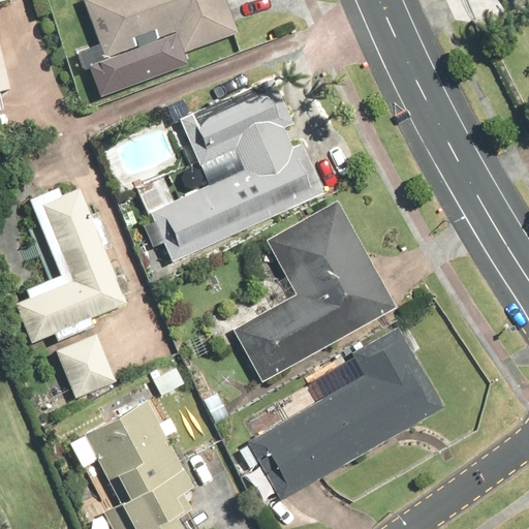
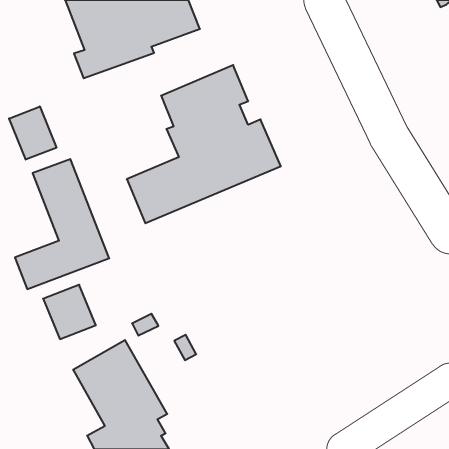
building: none -> [9,106,56,160]
building: [229,201,394,382] -> none
building: [244,328,441,501] -> none

